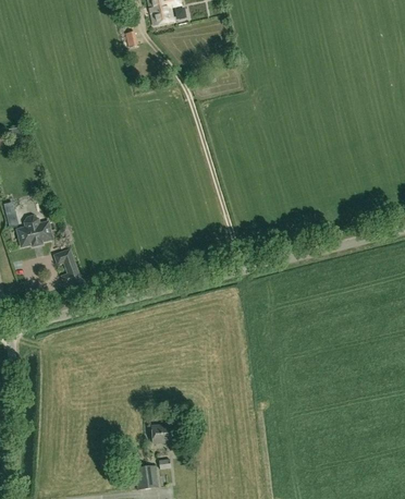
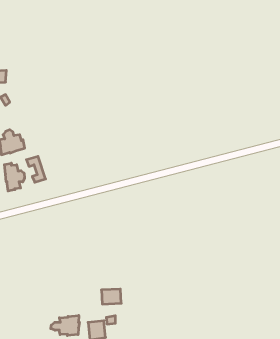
building: none -> [4,163,24,191]
building: none -> [51,315,79,336]

